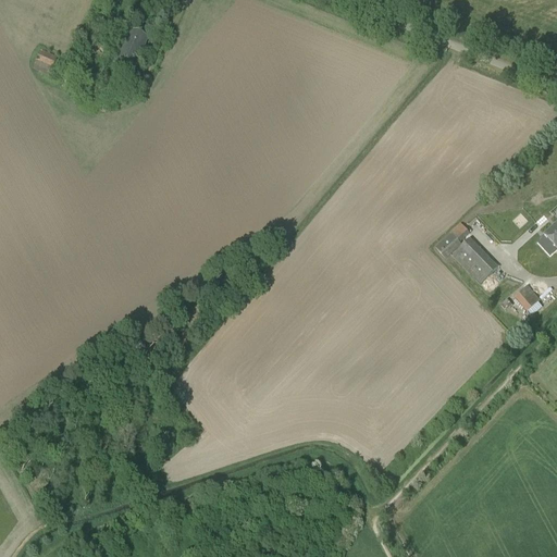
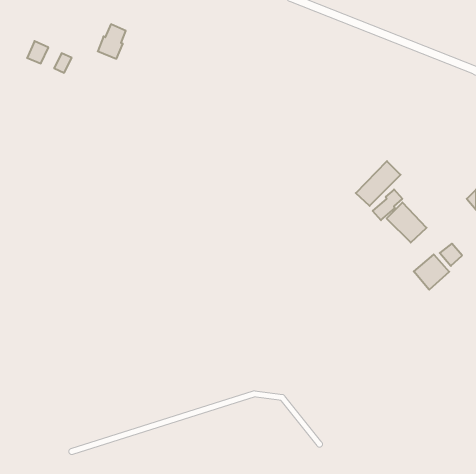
building: none -> [356,161,401,206]
building: none -> [414,254,449,290]

